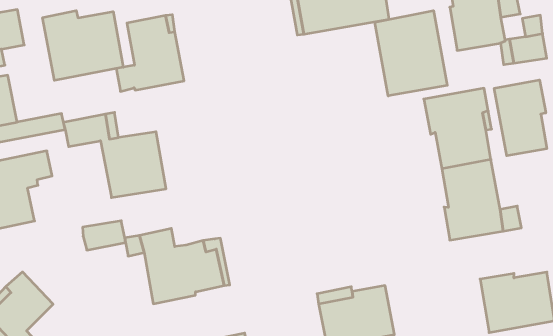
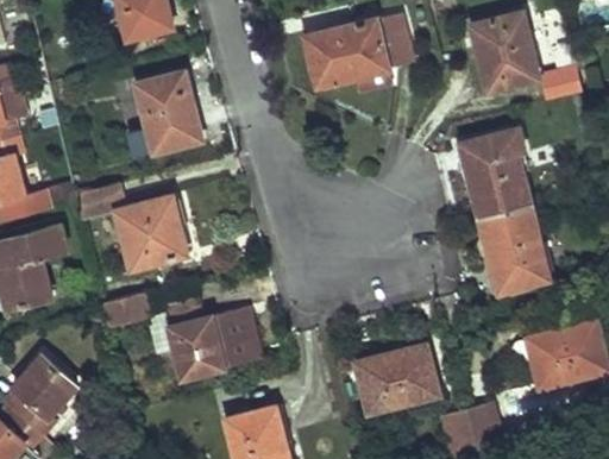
building: [375,11,447,96] -> none
building: [43,11,123,80] -> none
building: [494,80,547,156] -> none

